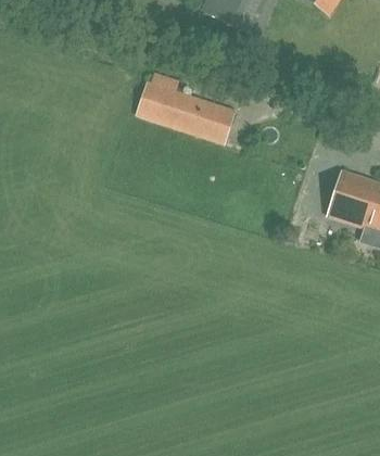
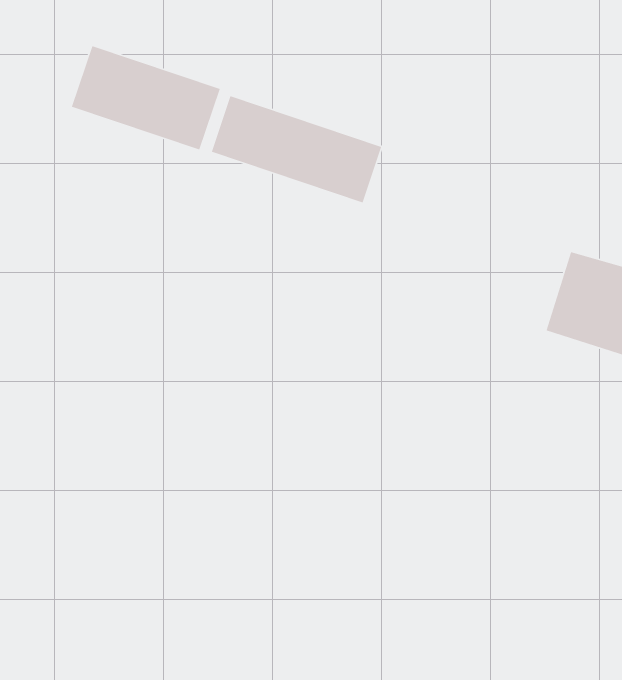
building: none -> [71,45,221,151]

